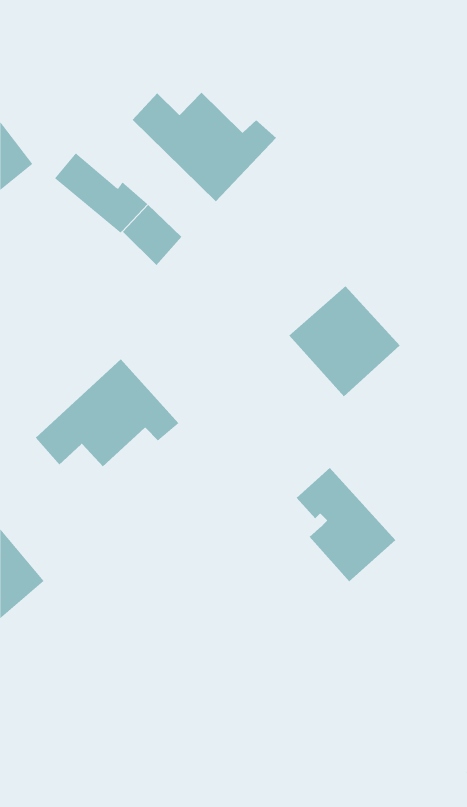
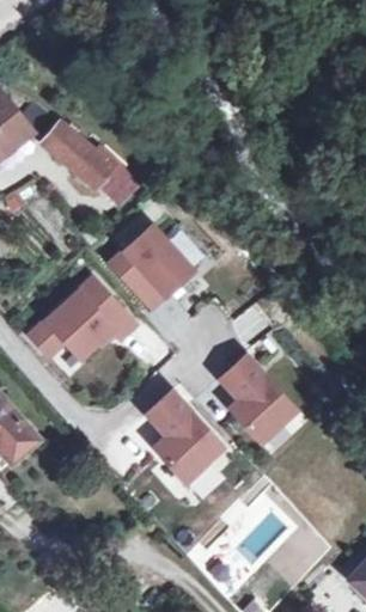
building: [132,92,277,202] -> none
building: [289,285,400,397] -> [110,224,193,306]
building: none -> [147,391,219,485]

